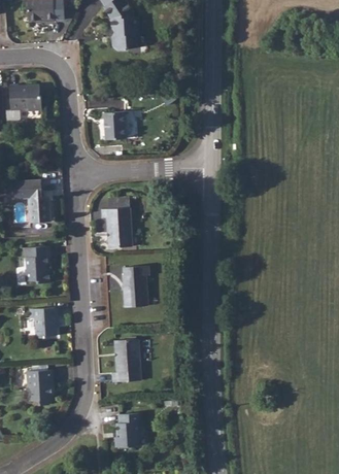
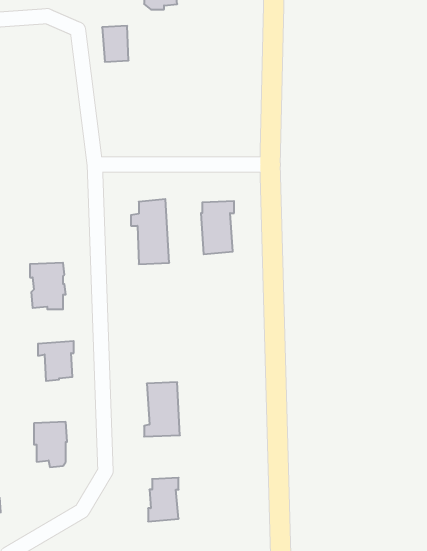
building: [9,84,41,110] -> none
building: [104,111,125,139] -> [102,26,129,62]
building: [11,179,50,223] -> none
building: [123,266,148,307] -> [201,201,234,254]

